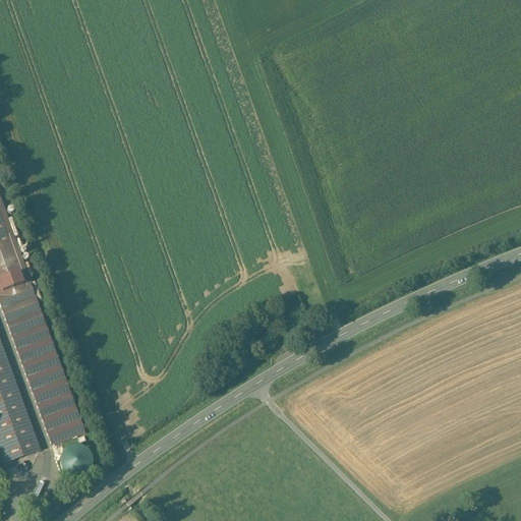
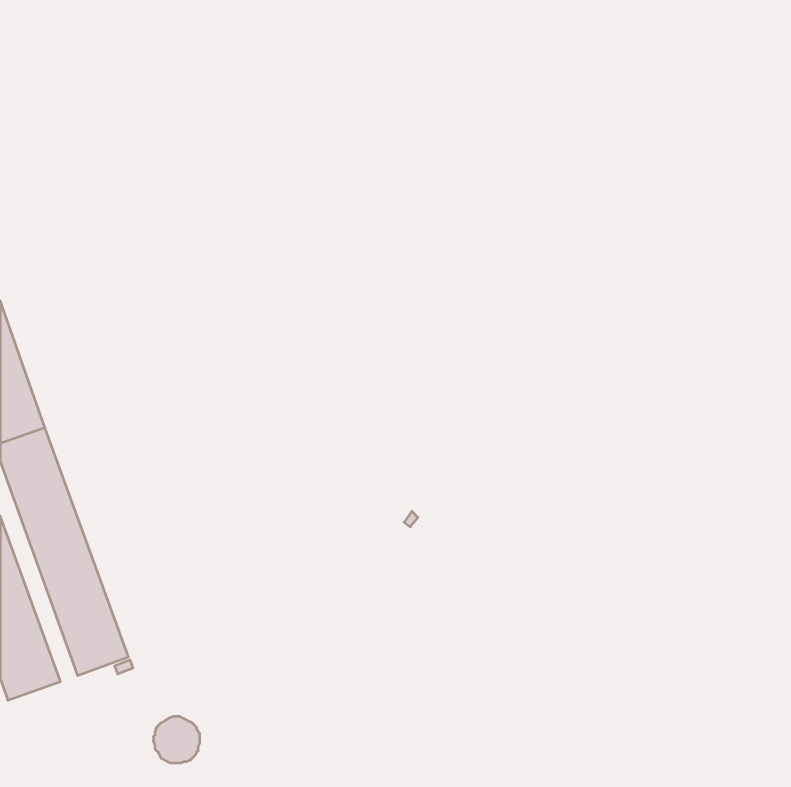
building: [61,445,92,475] -> [153,716,200,763]

